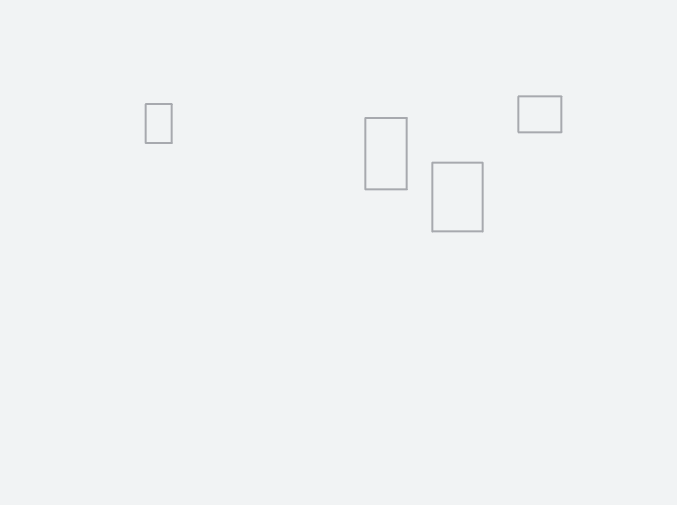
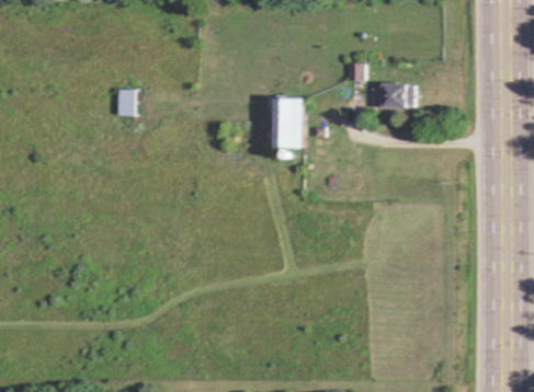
building: [432,163,483,232] -> none

